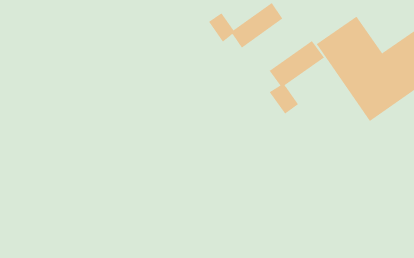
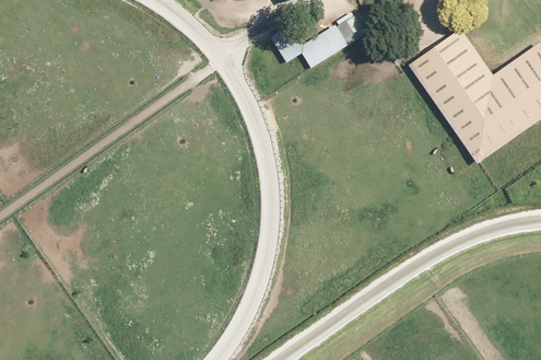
building: [269,40,325,115] -> none

